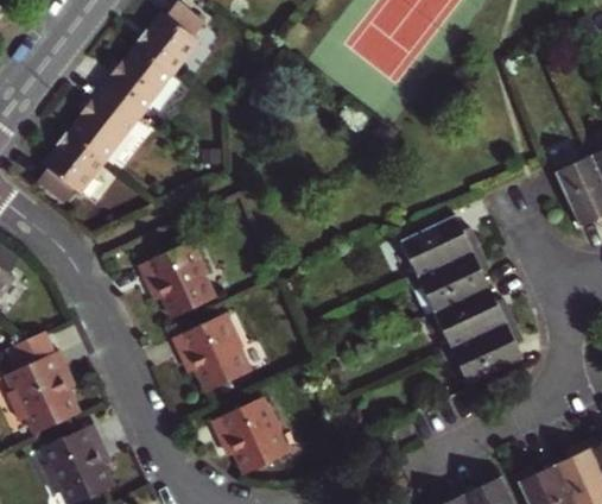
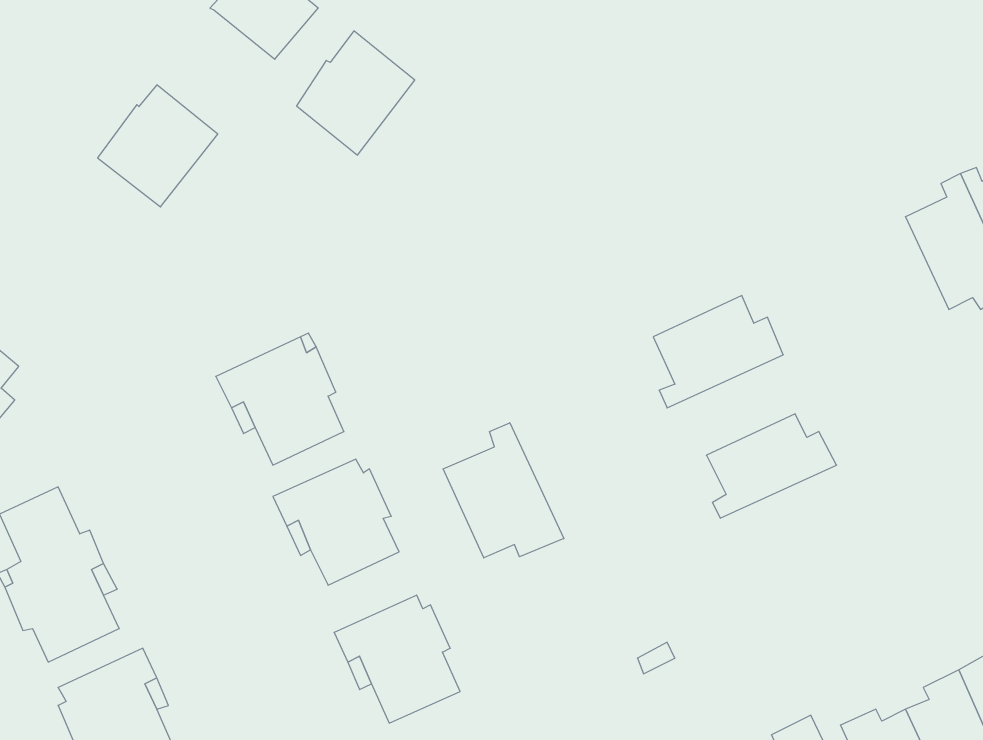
building: [102,44,173,119] -> [297,31,415,155]
building: [36,132,104,203] -> none
building: [410,252,488,313] -> none
building: none -> [443,423,564,558]
building: [442,319,521,385] -> none

